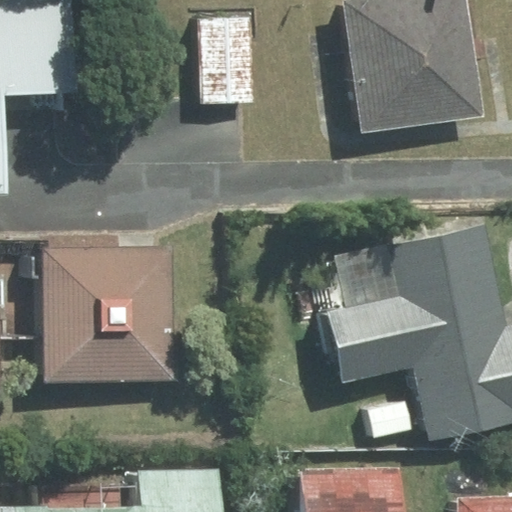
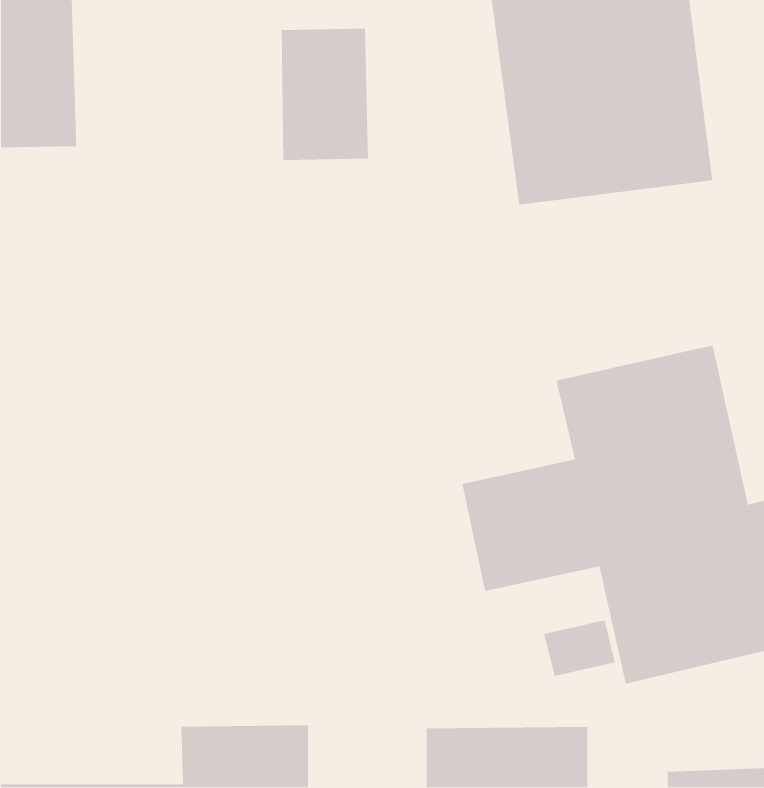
building: [30,246,171,385] -> none

